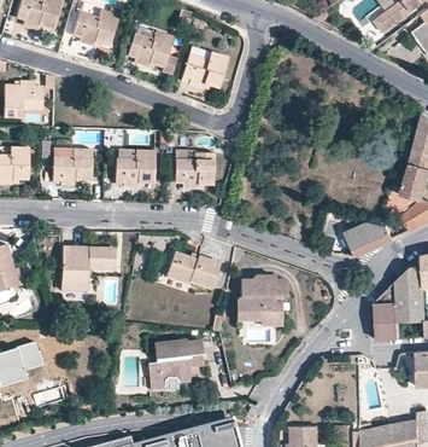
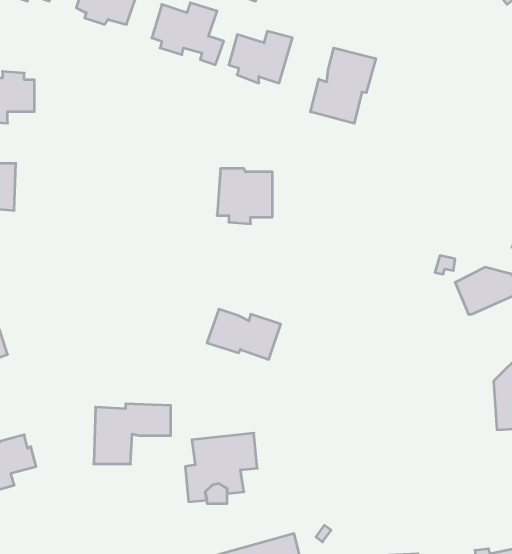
building: none -> [310,48,376,123]
building: [52,150,92,186] -> none
building: [115,150,154,188] -> none
building: [60,248,116,291] -> [94,404,171,464]
building: [238,277,285,325] -> none

